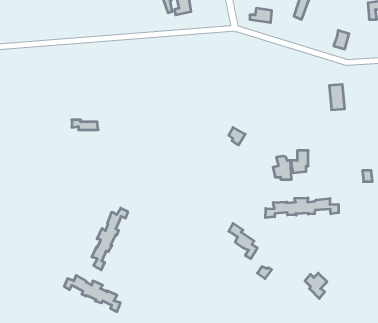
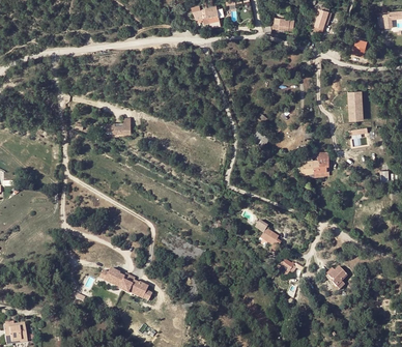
building: [265,198,339,218] -> none
building: [92,208,128,270] -> none

